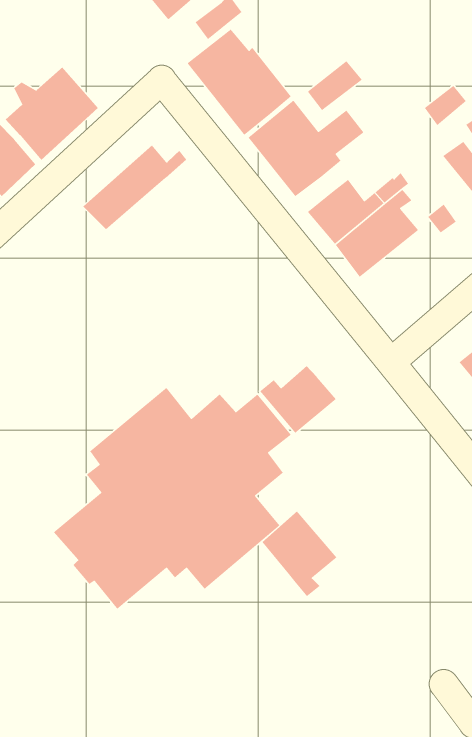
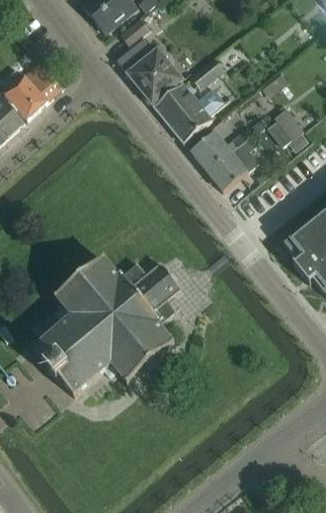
building: [82,144,187,230] -> none
building: [259,365,337,434] -> none
building: [262,511,337,597] -> none

